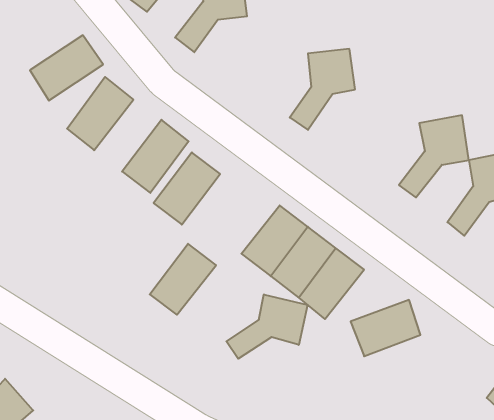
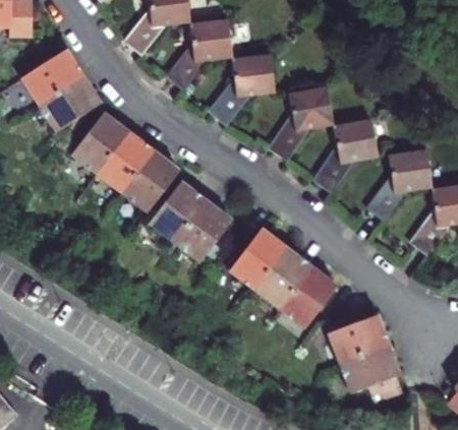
building: none -> [18,47,83,106]
building: none -> [210,52,274,124]
building: none -> [316,117,379,191]
building: none -> [94,132,155,197]
building: [150,244,216,315] -> [173,199,233,263]
building: [226,294,308,359] -> none
building: none -> [338,345,404,402]

